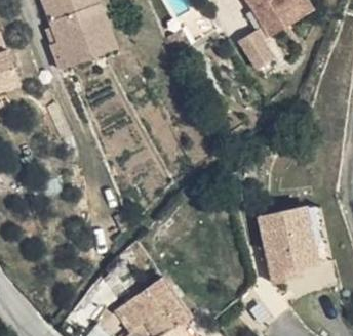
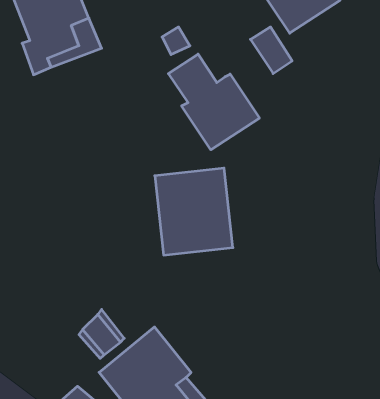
building: none -> [168,54,259,150]
building: [257,203,320,274] -> [155,168,233,255]

